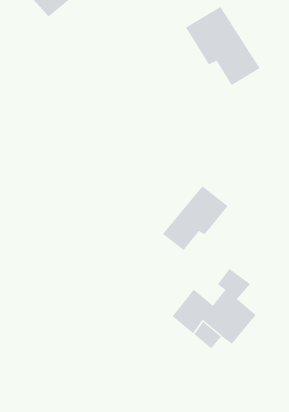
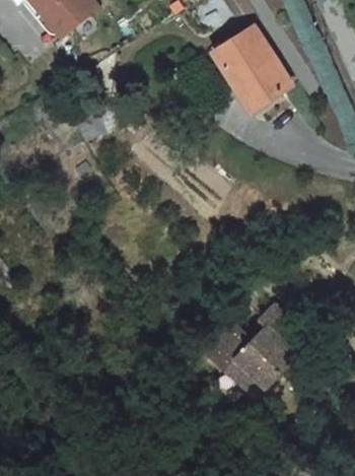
building: [162,185,229,251] -> none

